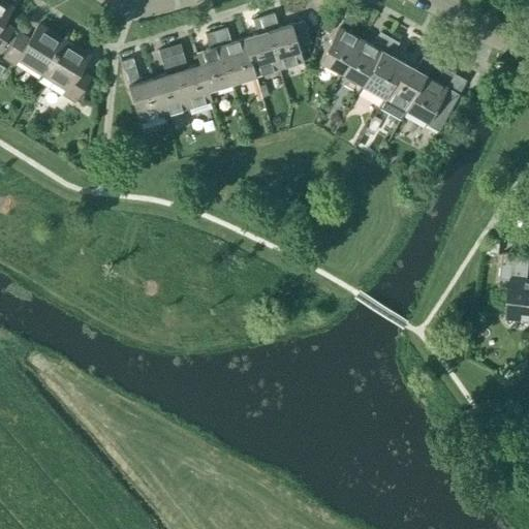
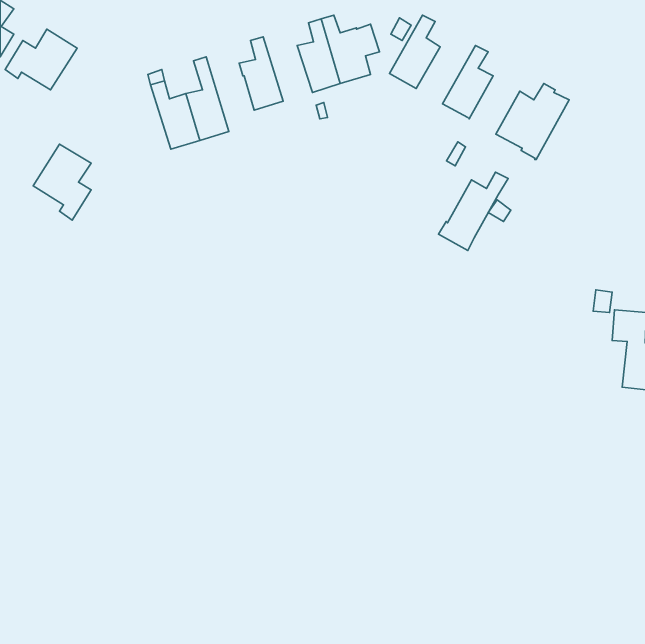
building: [216,29,256,85] -> none
building: [341,33,390,87] -> none
building: [42,41,90,103] -> [33,144,91,220]
building: [169,44,212,110] -> none
building: [377,58,434,122] -> [439,172,508,251]

